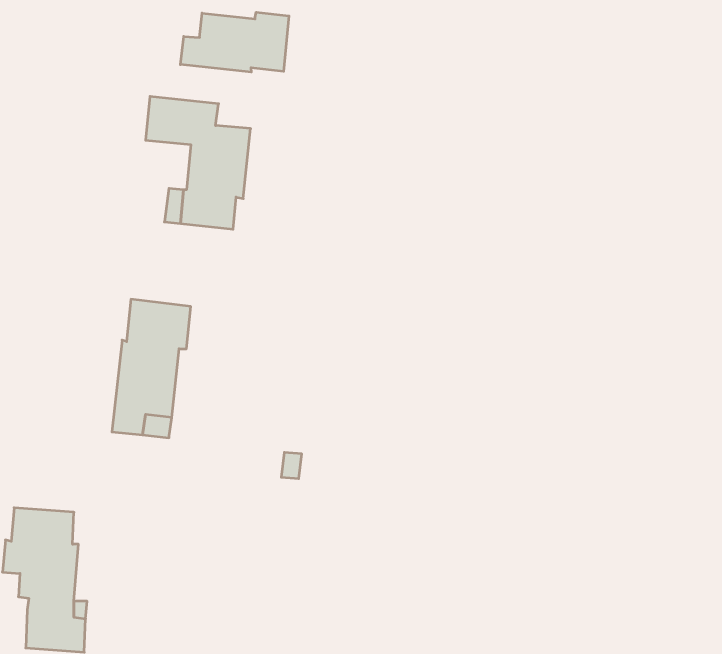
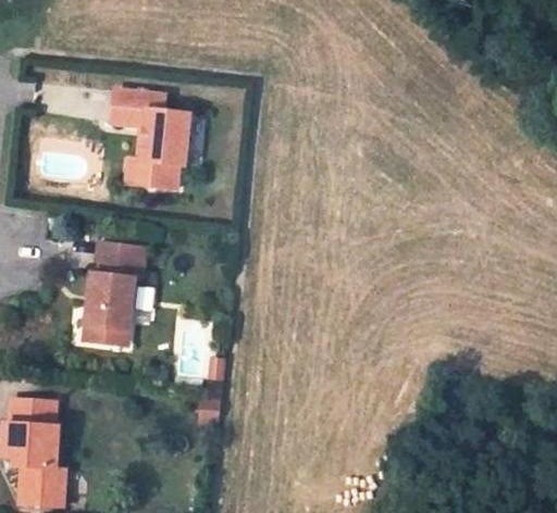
building: [180,12,289,72] -> none

